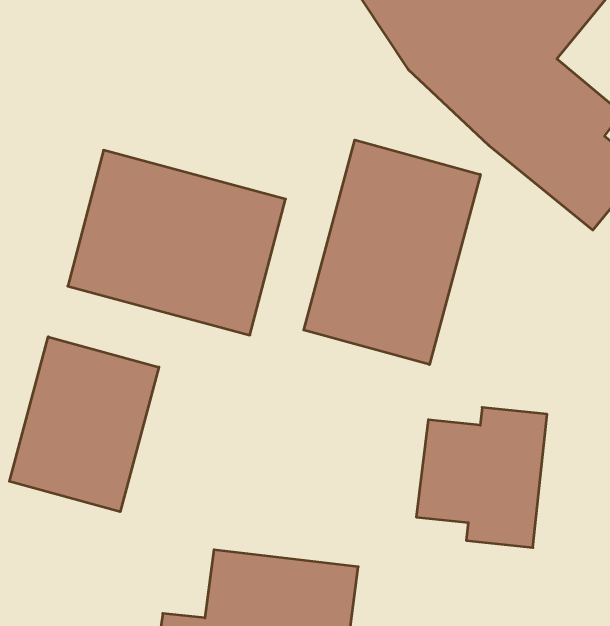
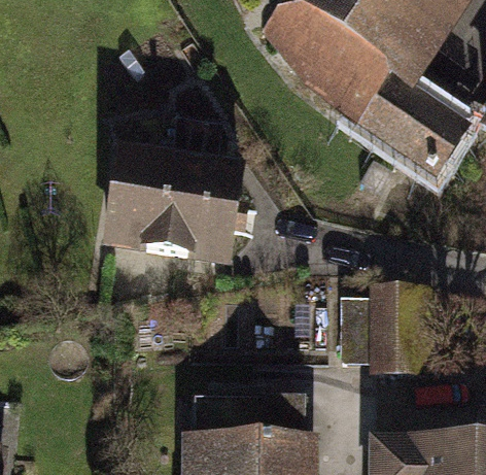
building: [304,140,480,365] -> none
building: [9,337,159,512] -> none

